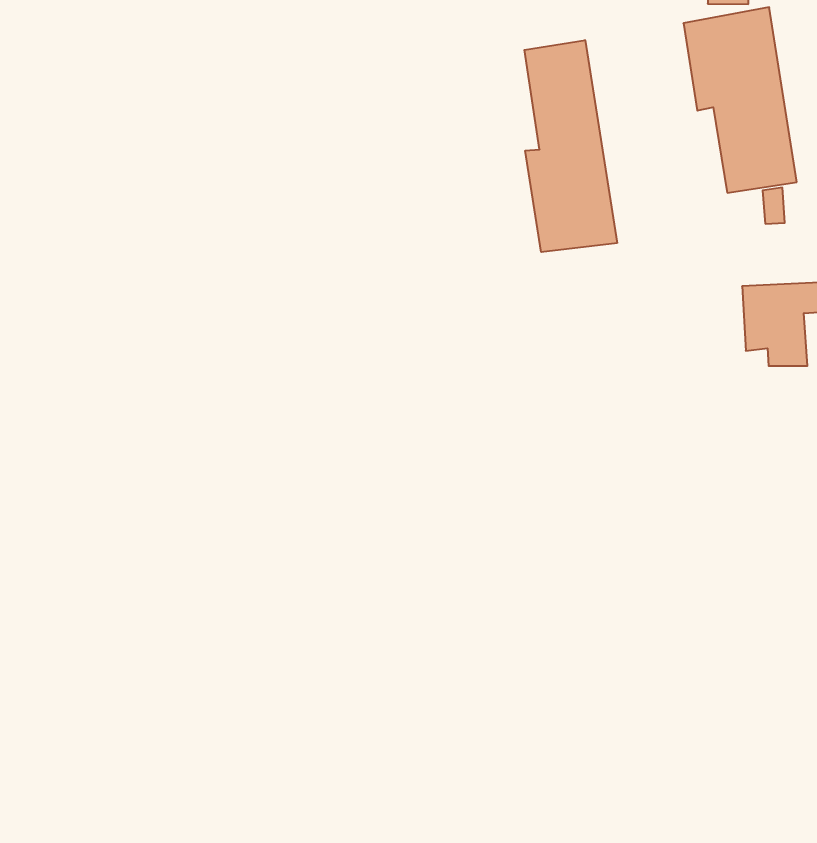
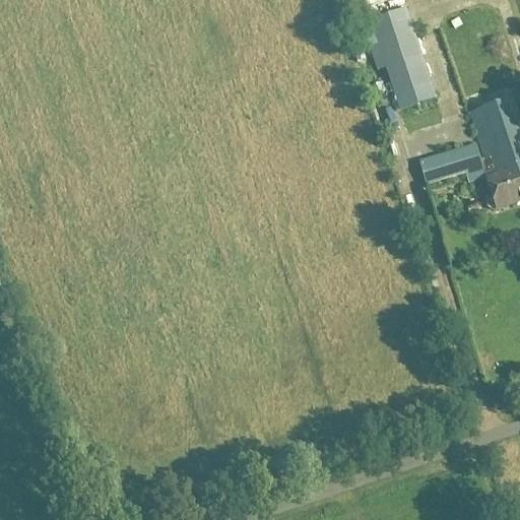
building: [524,40,617,252] -> none

